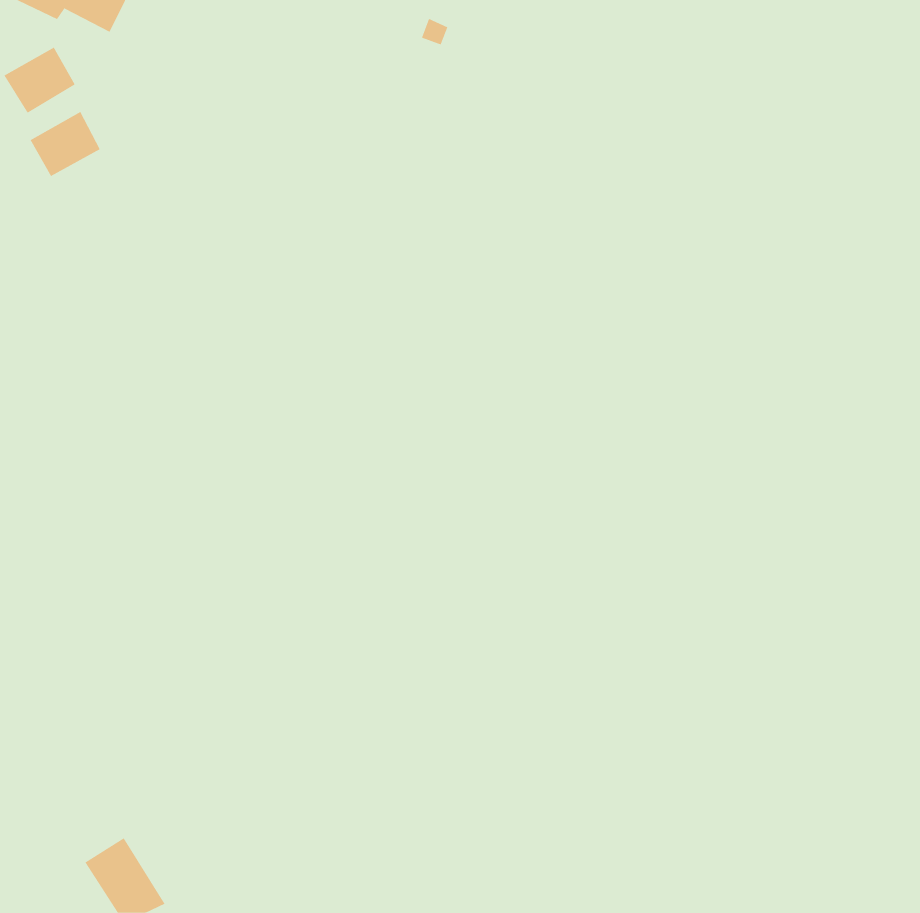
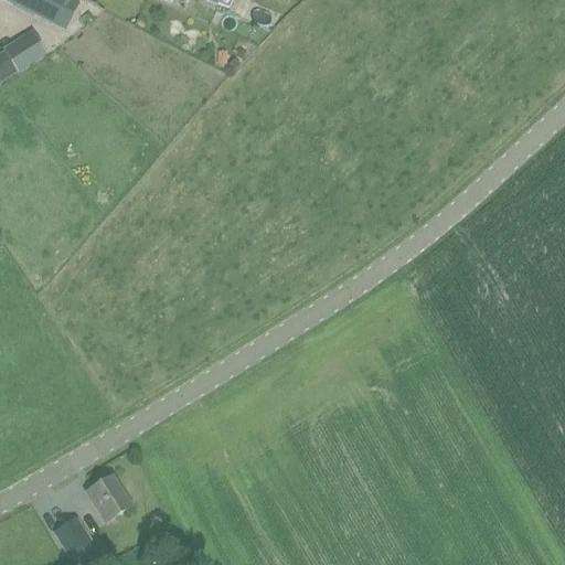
building: [30,111,100,177] -> none
building: none -> [85,473,130,520]

